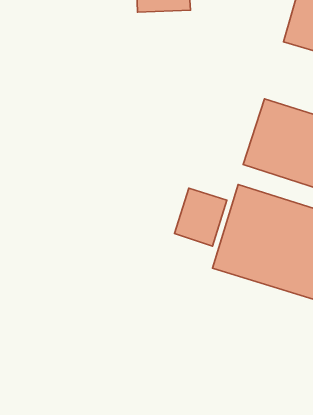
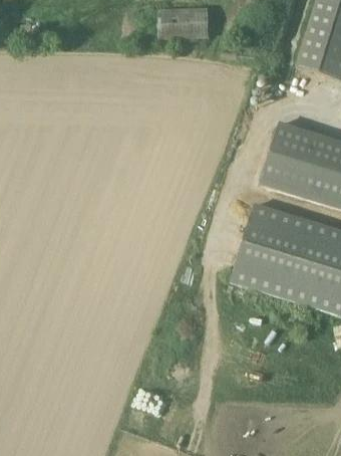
building: [175,188,227,246] -> none

